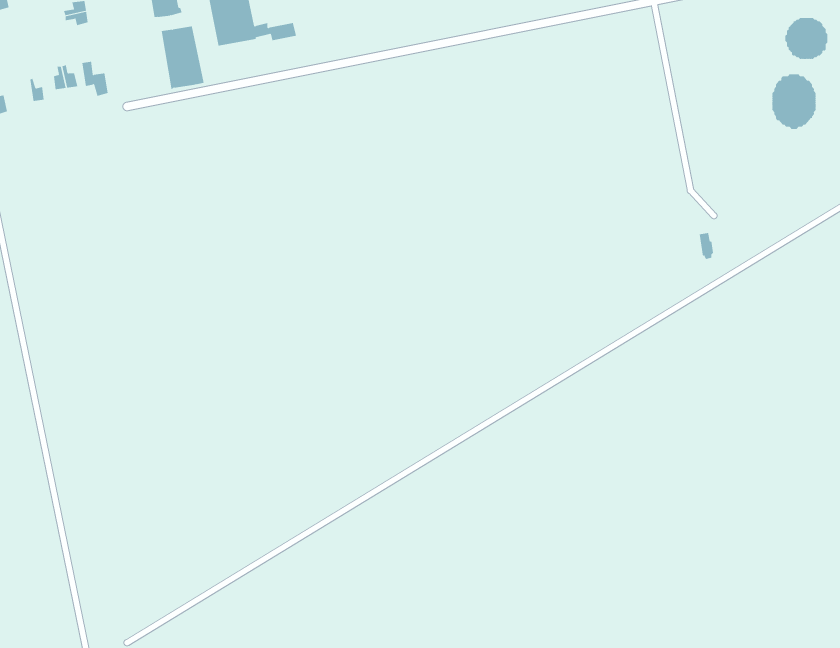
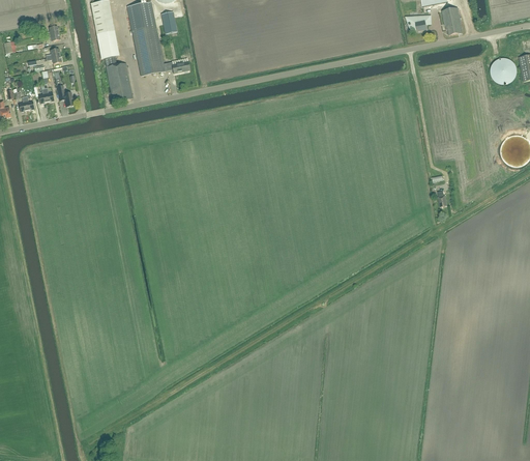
building: [772,73,816,130] -> none

